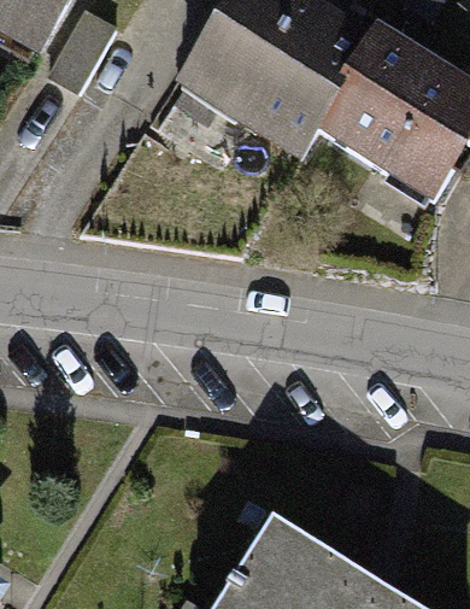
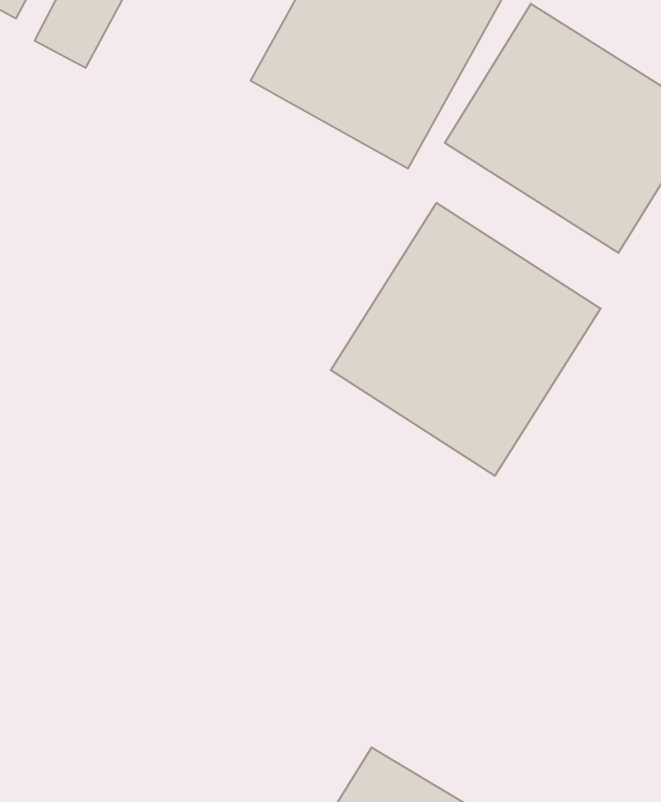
building: none -> [331,203,601,476]

